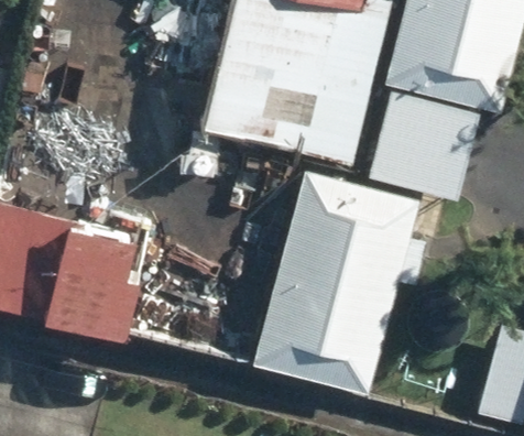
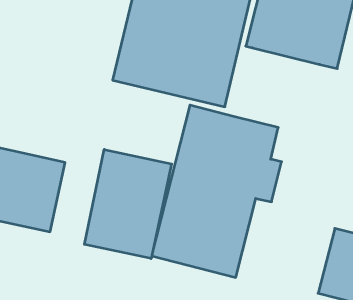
building: [365,91,477,201] -> none
building: none -> [84,149,172,259]

